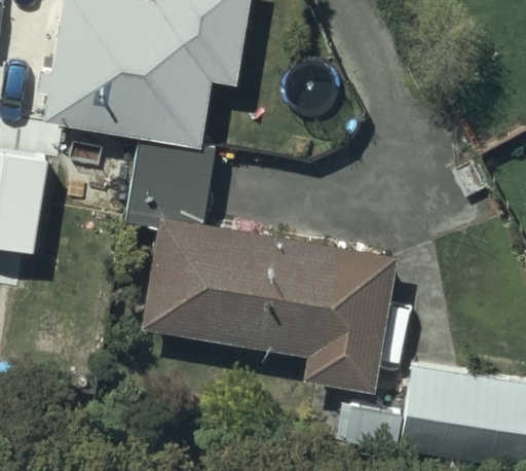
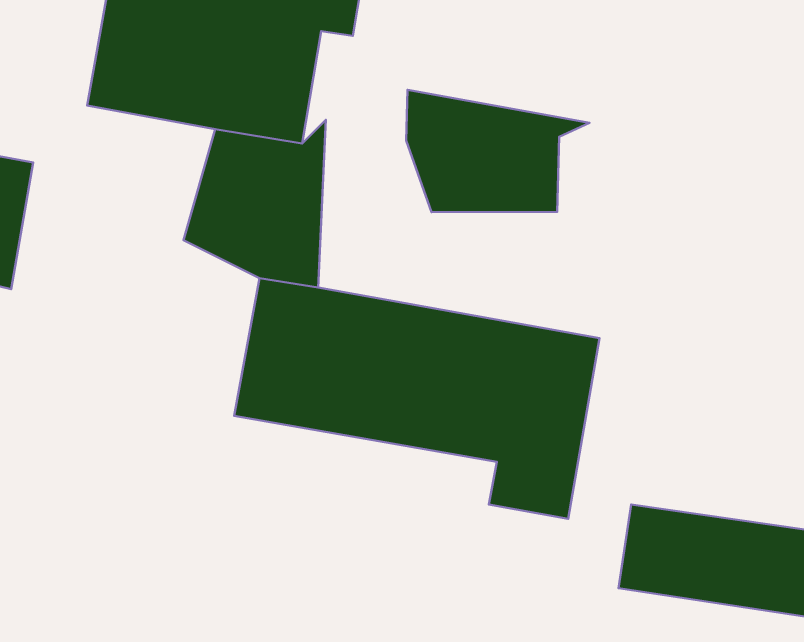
building: none -> [406,90,589,212]

